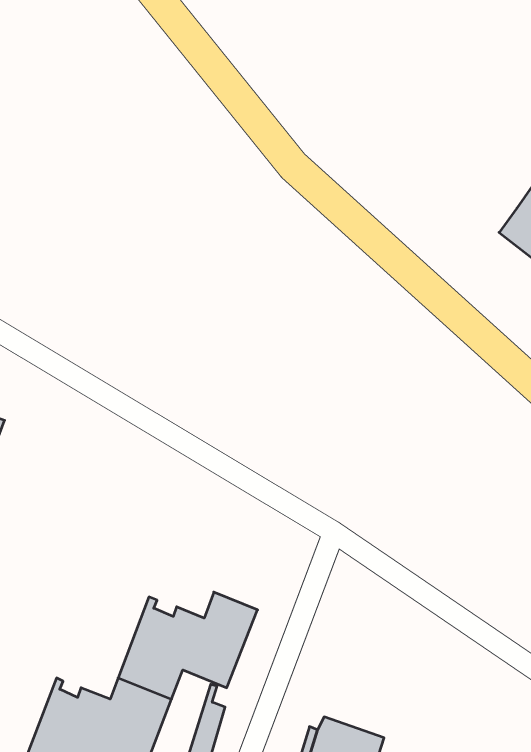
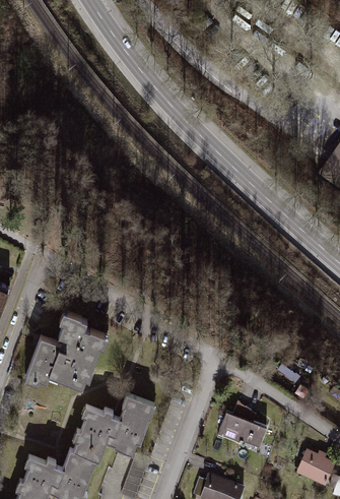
building: none -> [22,311,106,386]
building: none -> [217,403,264,446]
building: none -> [297,451,332,482]

